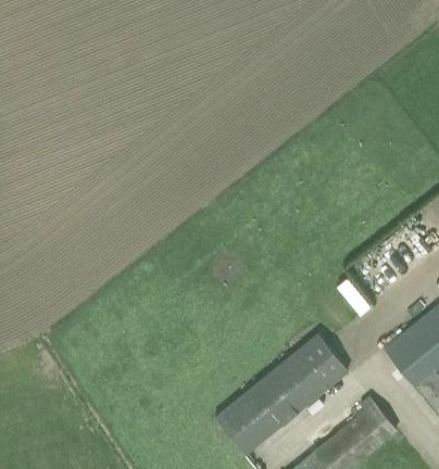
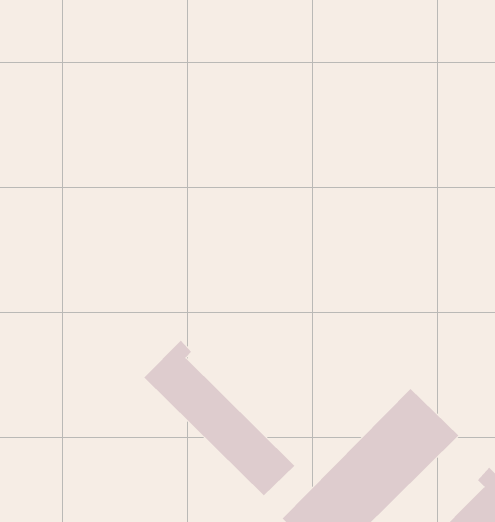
building: none -> [144,340,295,496]

